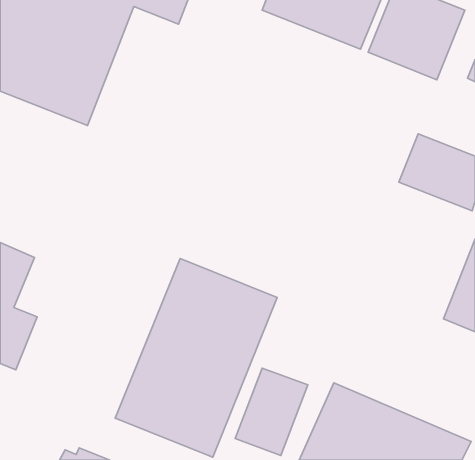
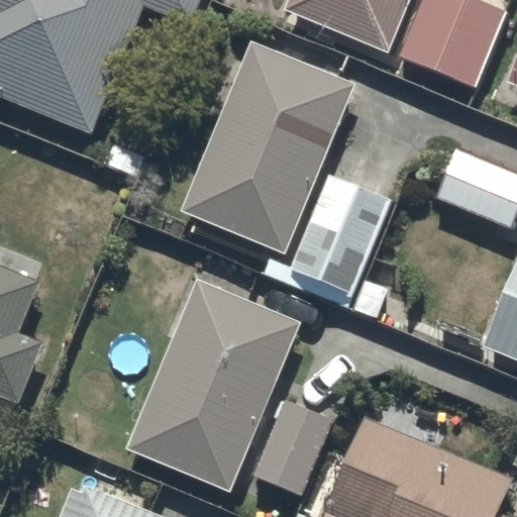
building: none -> [183,44,354,255]
building: none -> [287,177,390,296]

